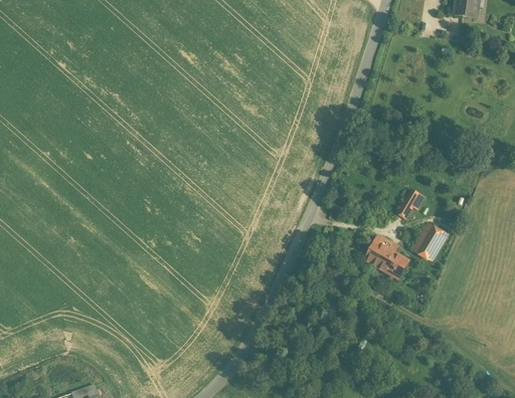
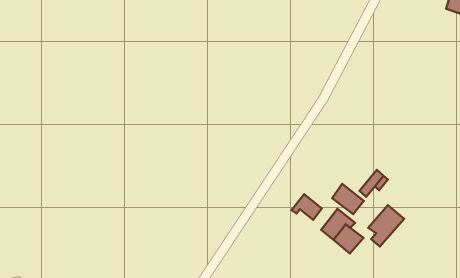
building: none -> [332,184,364,214]
building: none -> [292,194,322,220]

